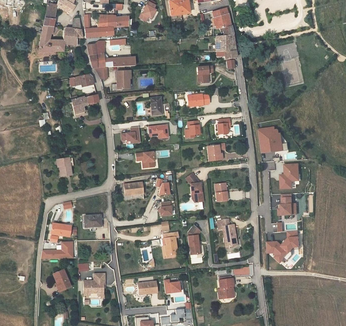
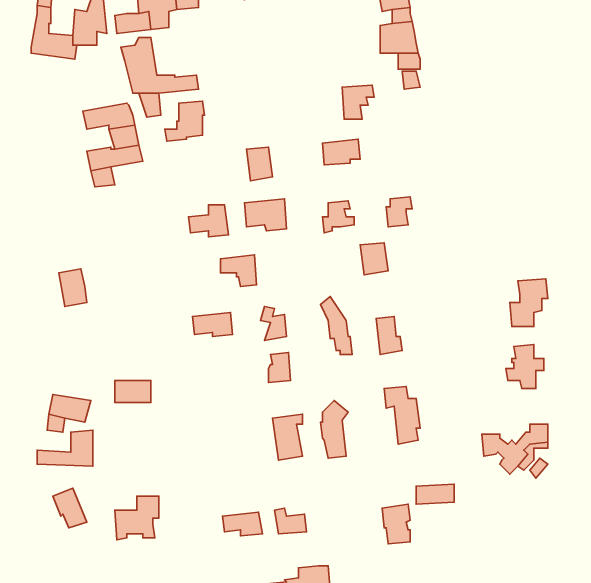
building: [259,126,285,152] -> none

